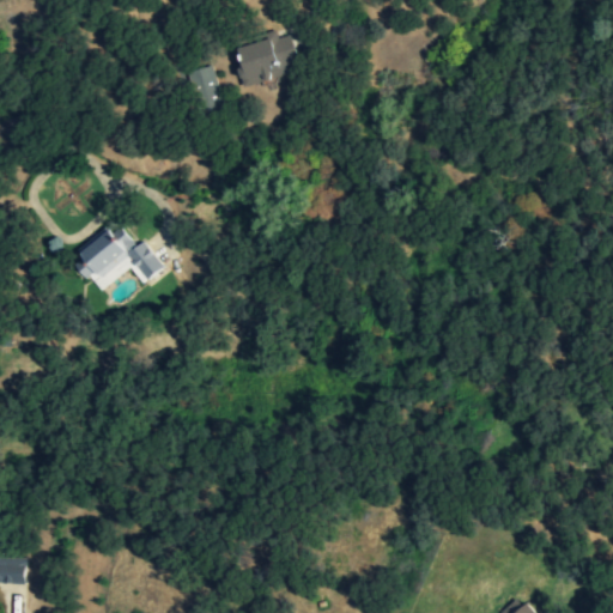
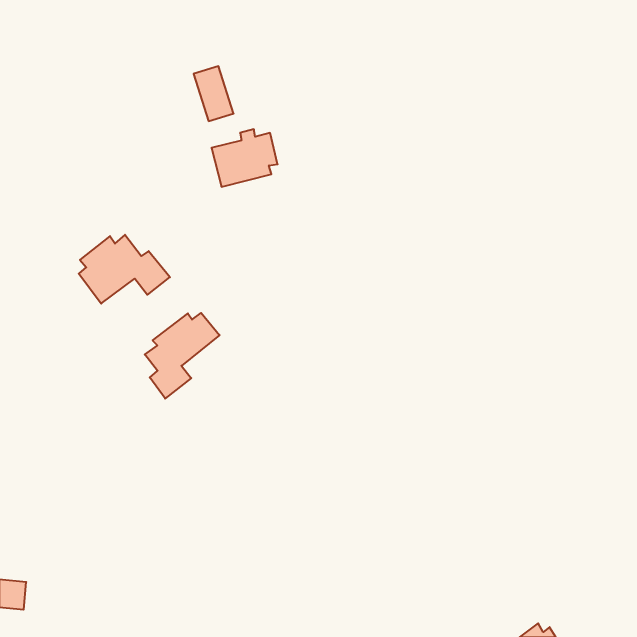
building: [233,30,297,85] -> [211,129,278,187]
building: none -> [145,313,220,399]

